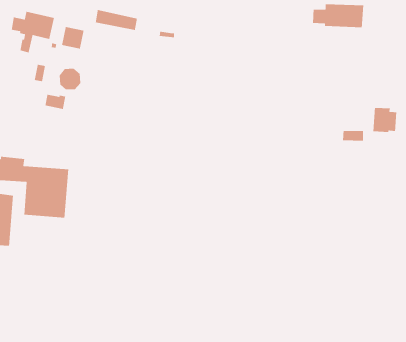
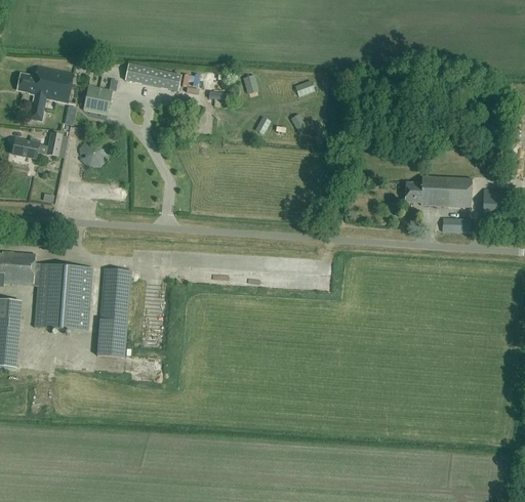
building: [312,3,364,28] -> [404,175,471,207]
building: [44,94,66,110] -> [10,138,38,159]
building: none -> [96,268,130,357]

